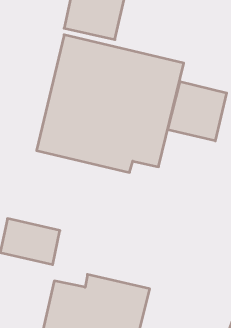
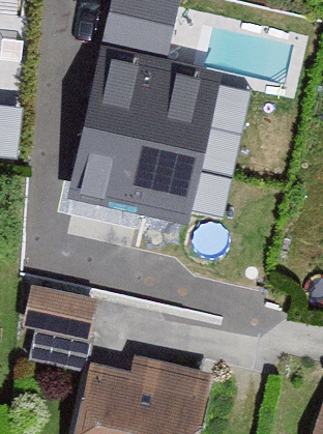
building: [168,82,227,141] -> none

